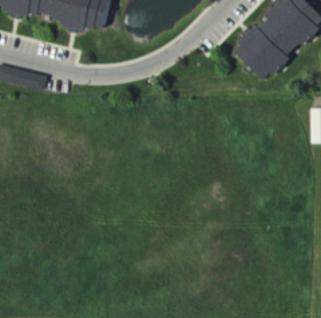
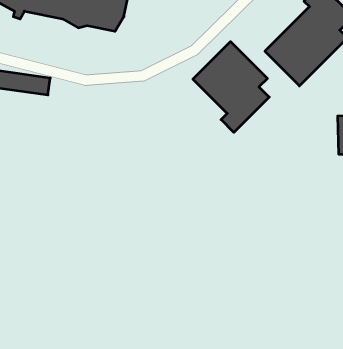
building: none -> [193,42,269,132]

